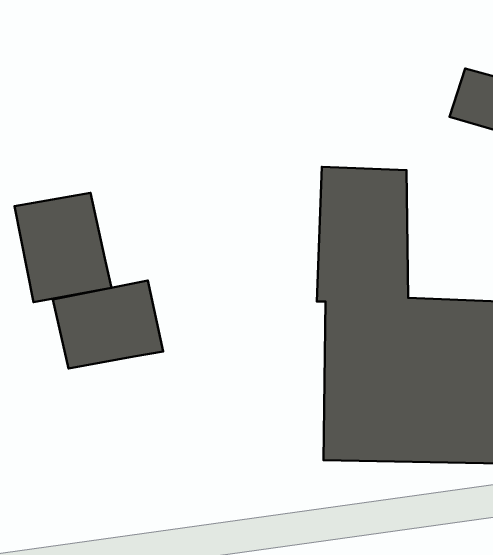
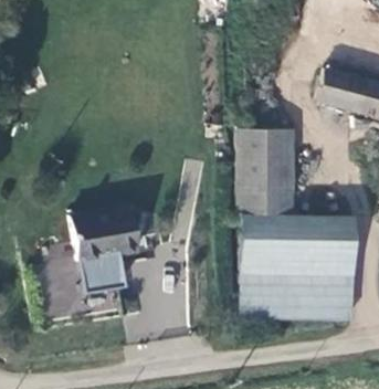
building: [14,193,111,302] -> none
building: none -> [76,252,125,294]

